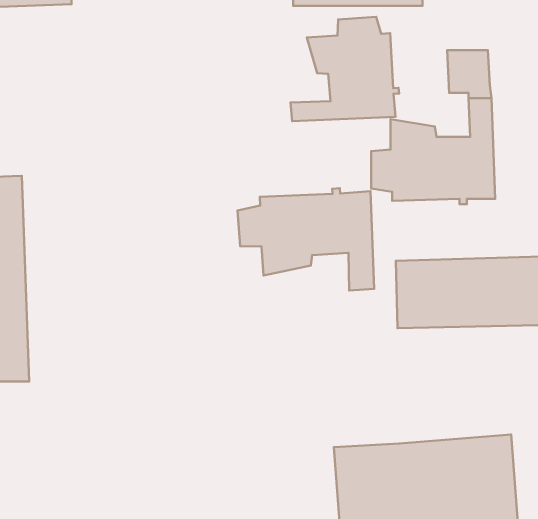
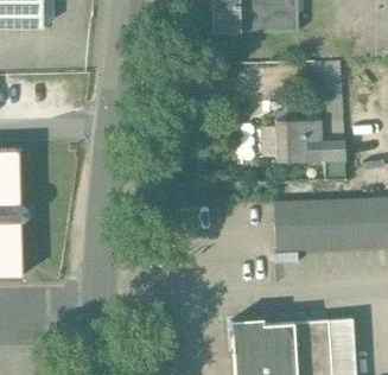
building: [291,17,399,121] -> none
building: [238,188,374,290] -> none

